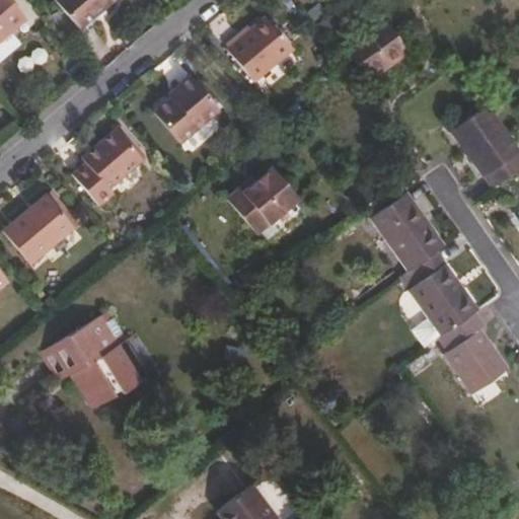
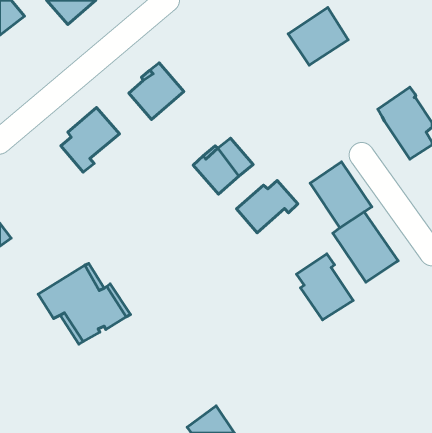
building: [228,17,293,81] -> none
building: [4,194,75,263] -> none
building: none -> [237,180,298,233]
building: [438,313,506,392] -> [296,254,353,320]

